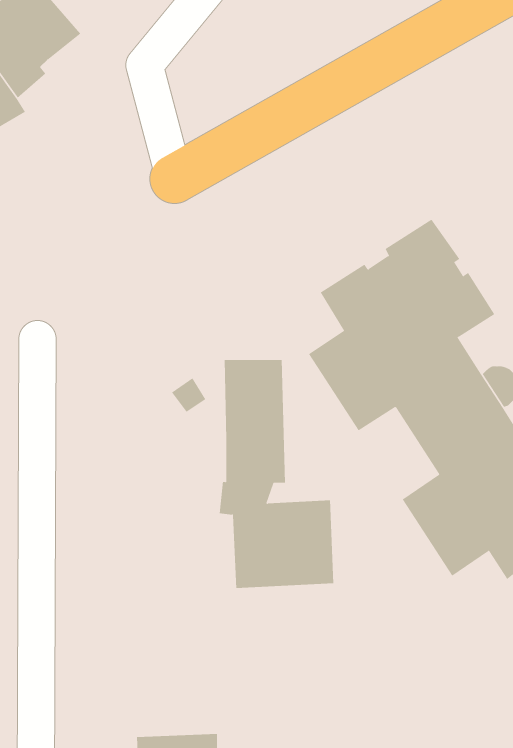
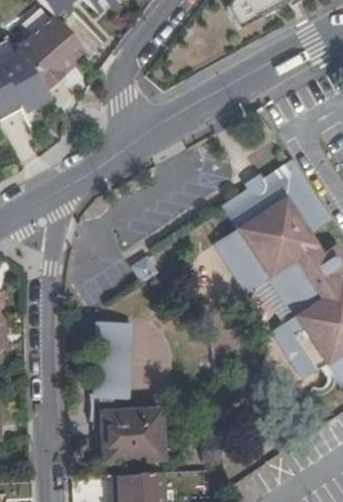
building: [219,360,334,589] -> [96,324,165,462]

